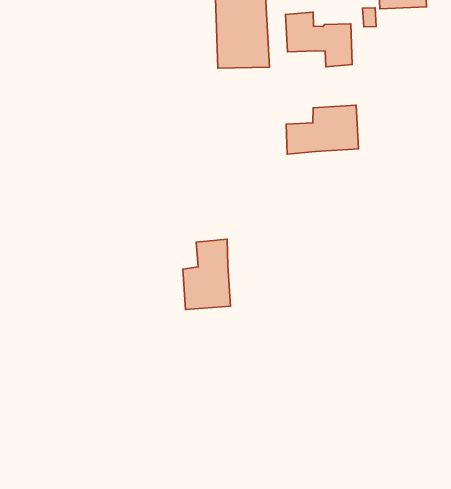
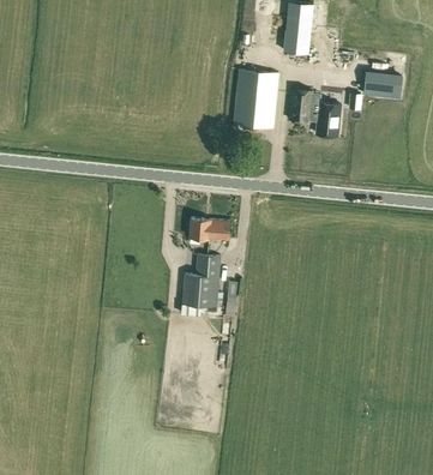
building: [286,105,358,154] -> none
building: none -> [188,218,230,241]

